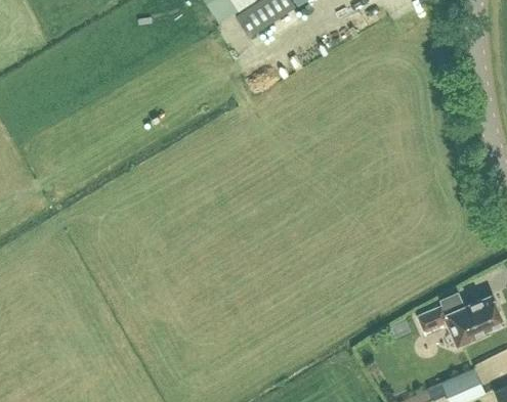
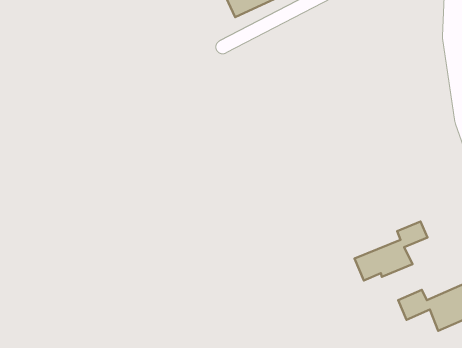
building: none -> [354,221,427,281]

